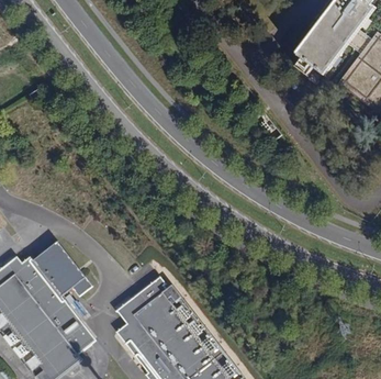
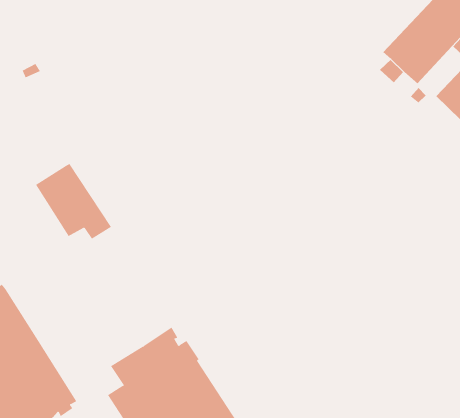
building: [33,239,93,294] -> [35,163,112,239]

